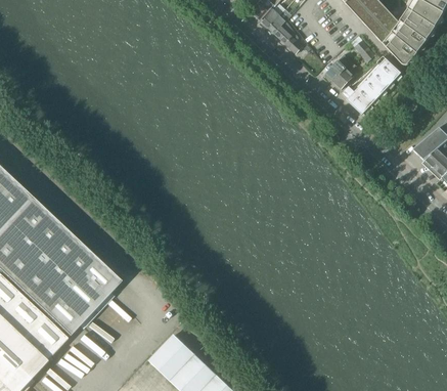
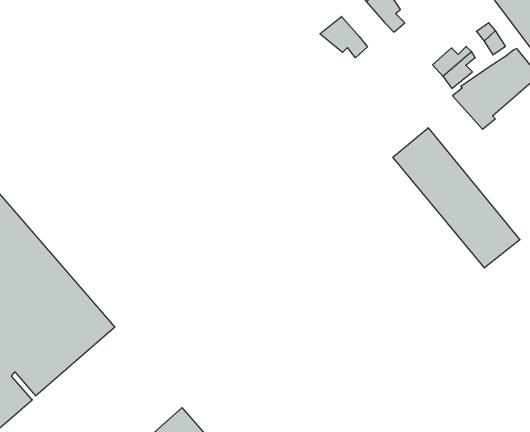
building: none -> [320,16,367,58]
building: none -> [393,128,520,268]

